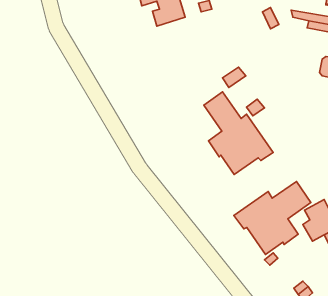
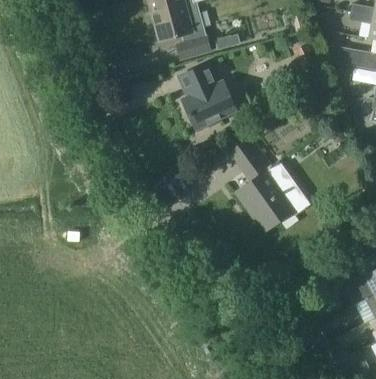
building: none -> [179,62,237,129]
building: [234,181,311,255] -> none

